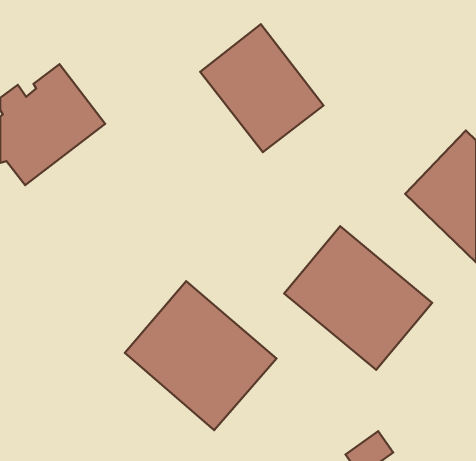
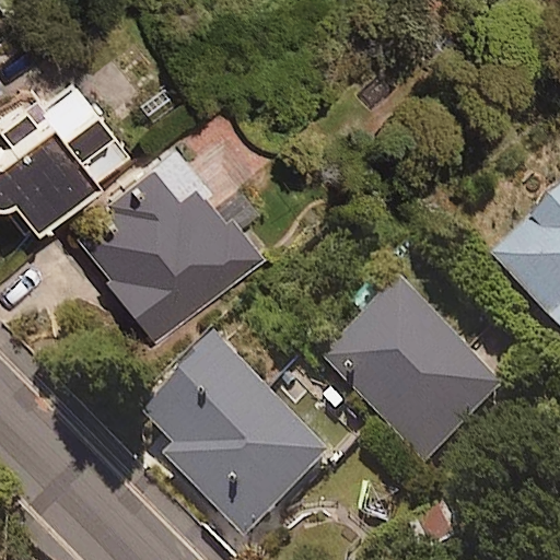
building: [200,24,324,152] -> none
building: none -> [63,160,260,358]

